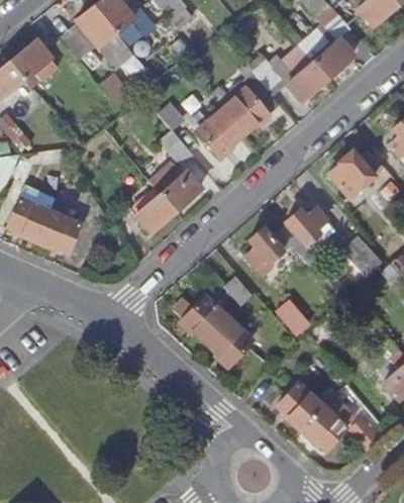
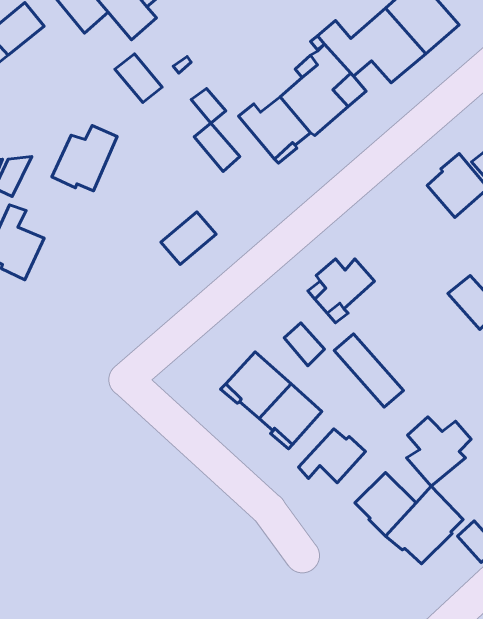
building: [149,163,200,209] -> none
building: [35,205,83,253] -> [52,126,117,191]
building: [276,208,328,250] -> none
building: none -> [406,417,471,486]
building: none -> [299,429,366,483]

